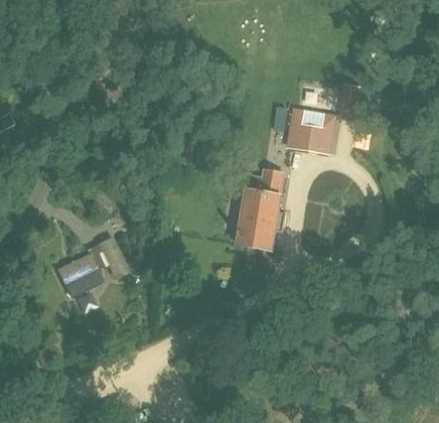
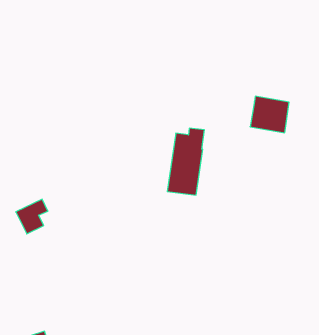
building: [288,110,334,153] -> [250,96,289,133]

